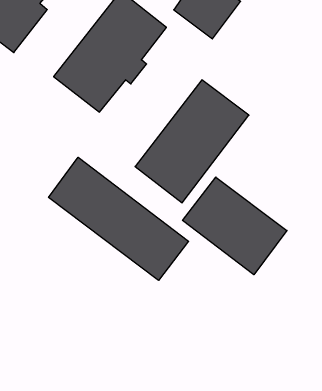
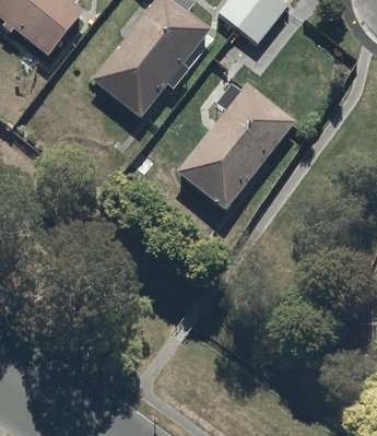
building: [49,157,189,280] -> none
building: [183,177,287,275] -> none

